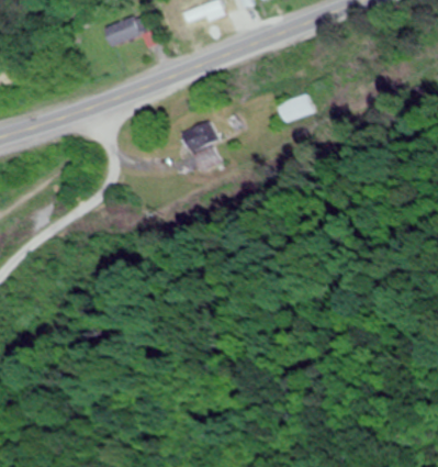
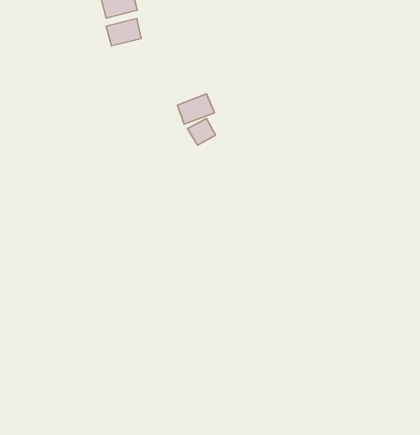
building: none -> [106,19,141,46]
building: [278,93,314,123] -> none

